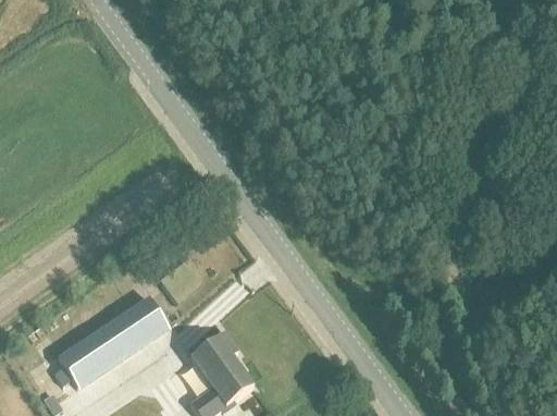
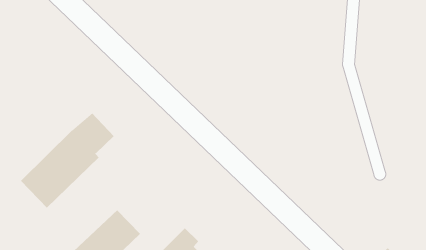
building: none -> [20,113,114,208]

